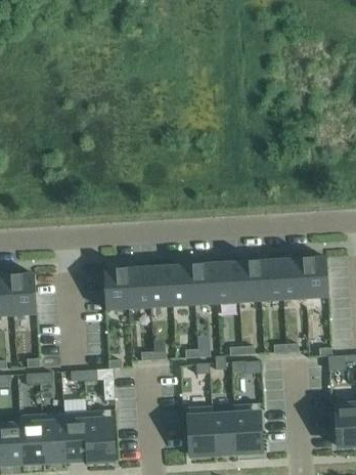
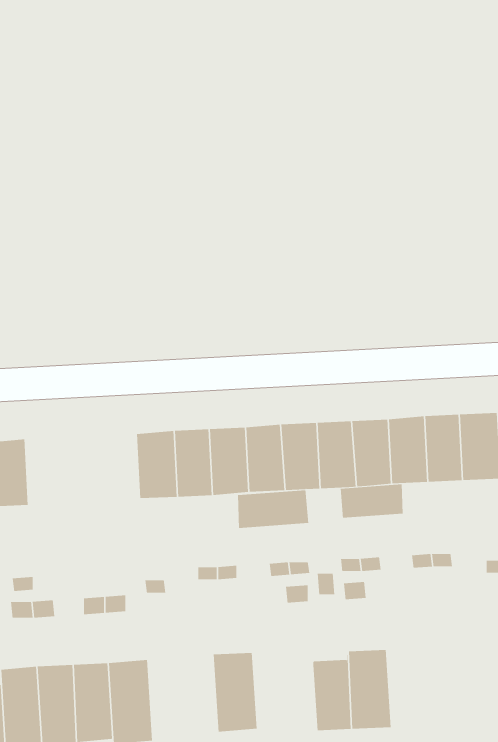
building: none -> [340,484,403,519]
building: none -> [238,489,309,529]
building: [187,406,215,456] -> [213,652,258,732]

